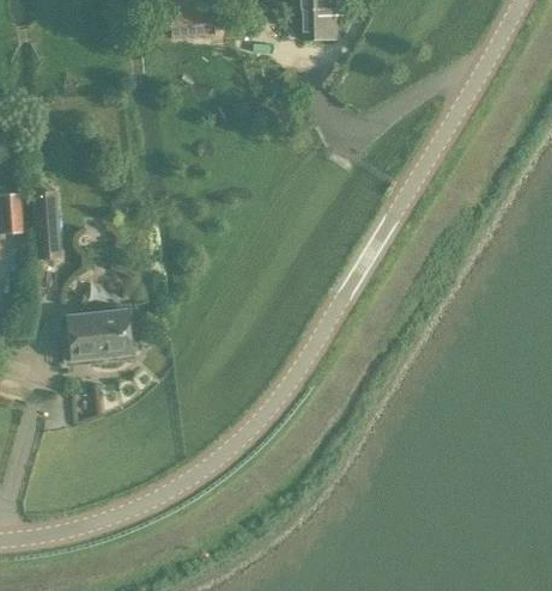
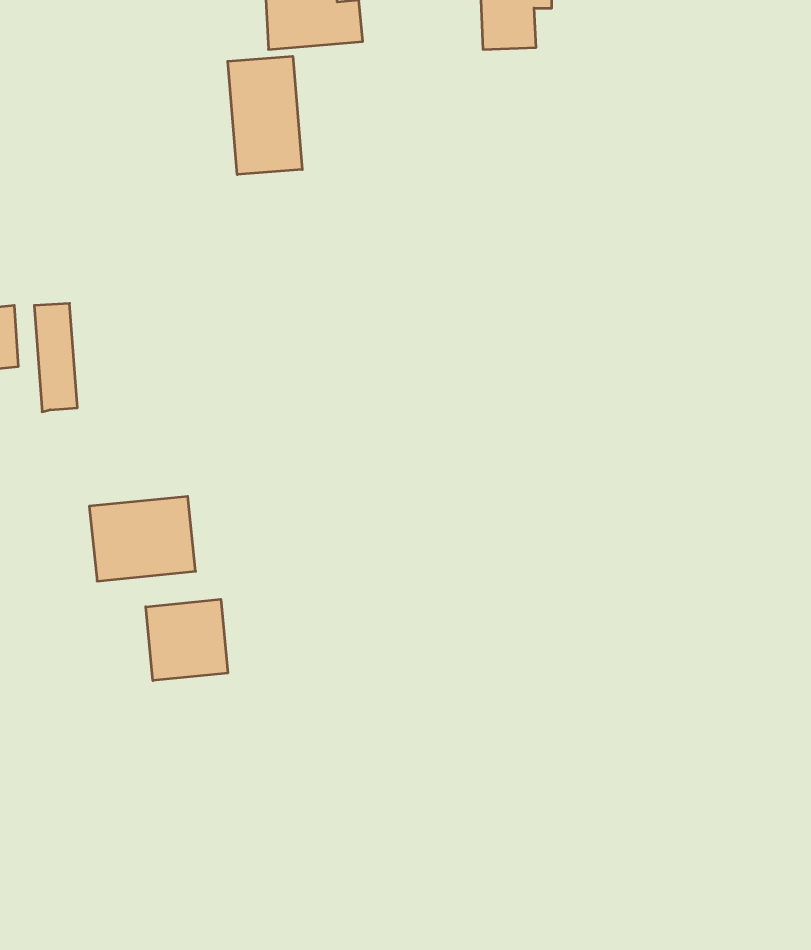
building: none -> [228,56,302,175]
building: none -> [146,599,228,681]

